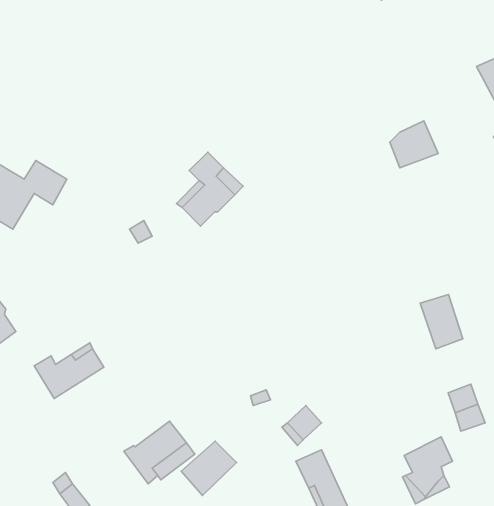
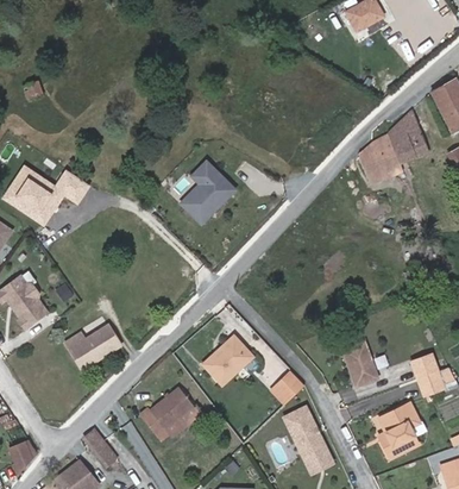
building: none -> [389,113,432,164]
building: [420,295,463,349] -> [340,339,376,384]
building: [181,441,237,495] -> [206,339,252,384]

